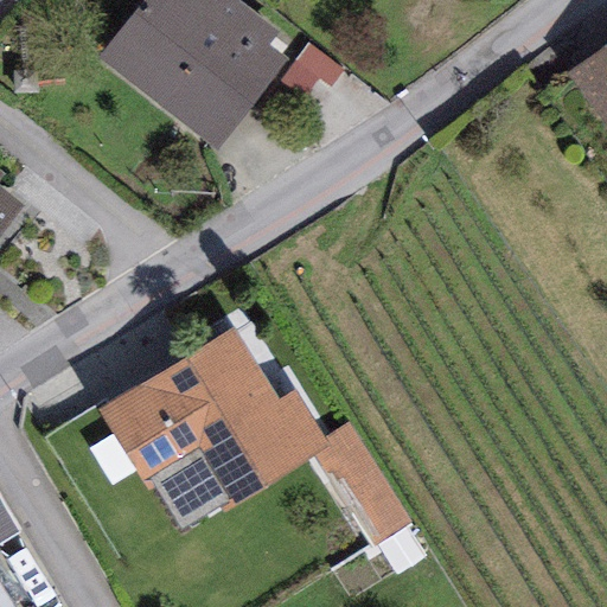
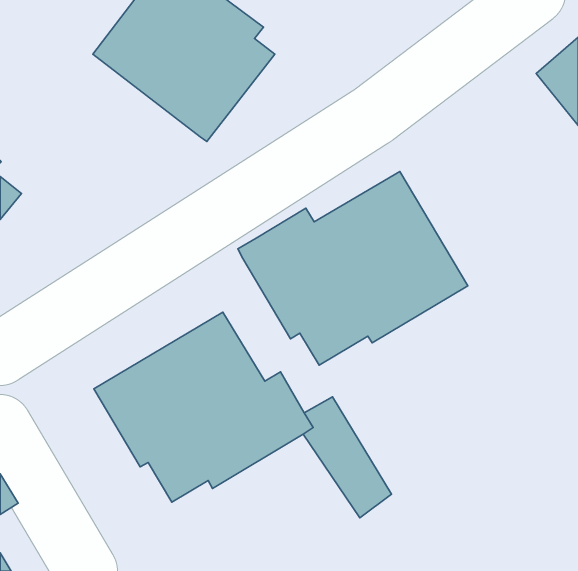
building: none -> [238,171,468,365]

